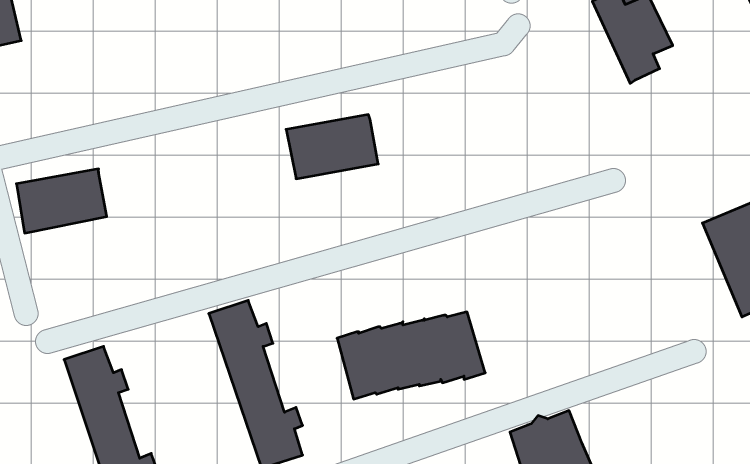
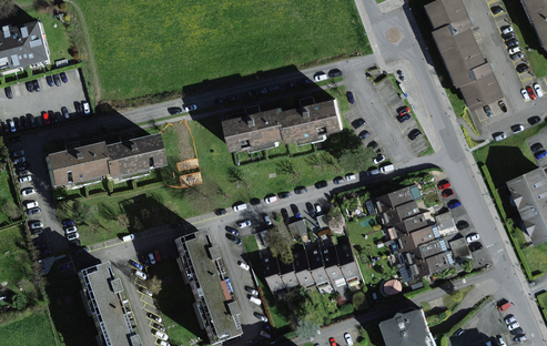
building: none -> [463,59,507,109]
building: none -> [284,100,346,143]
building: none -> [101,136,163,180]
building: none -> [371,189,445,278]

